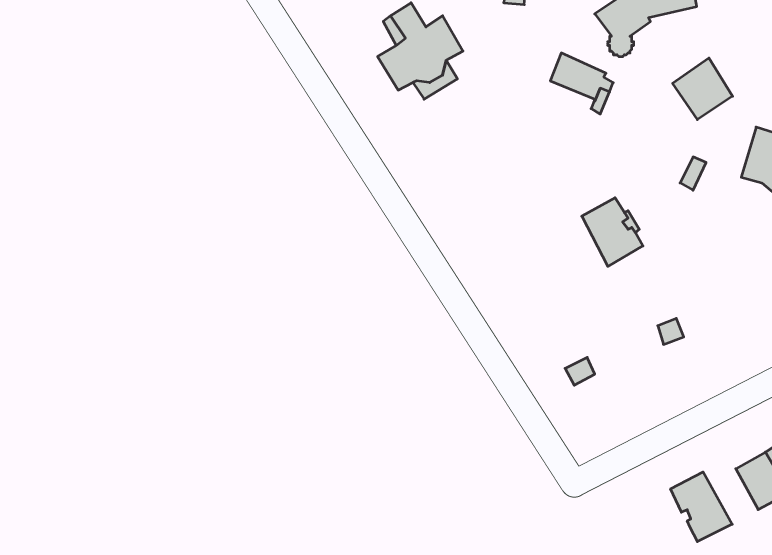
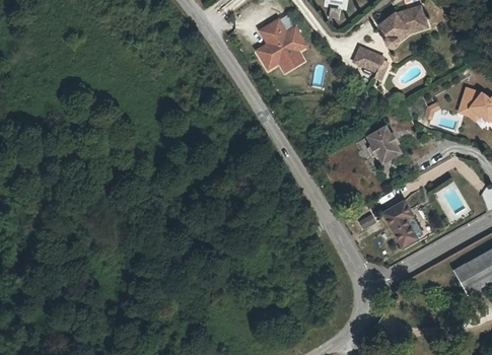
building: [673,58,733,120] -> none
building: none -> [384,201,417,245]
building: [671,472,732,542] -> none

